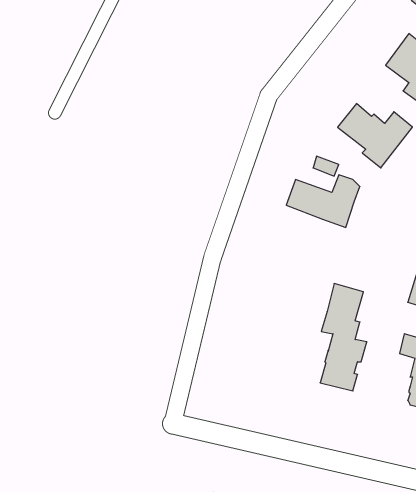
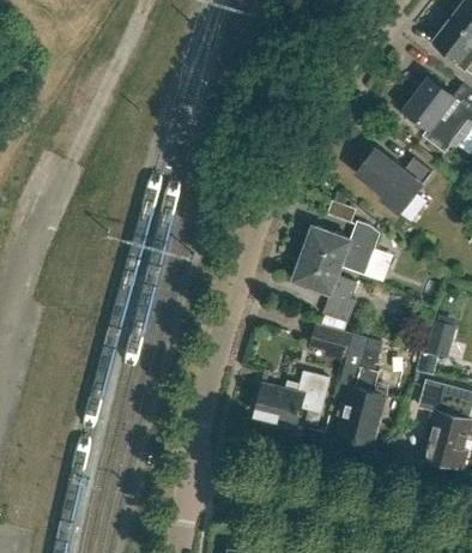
building: none -> [292,253,355,323]
building: none -> [308,324,352,362]
building: none -> [253,372,329,431]

